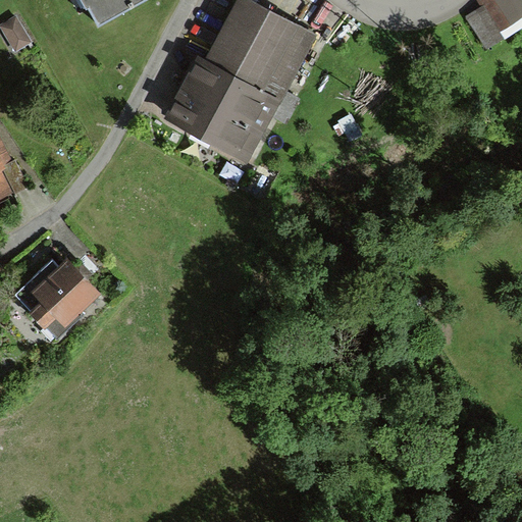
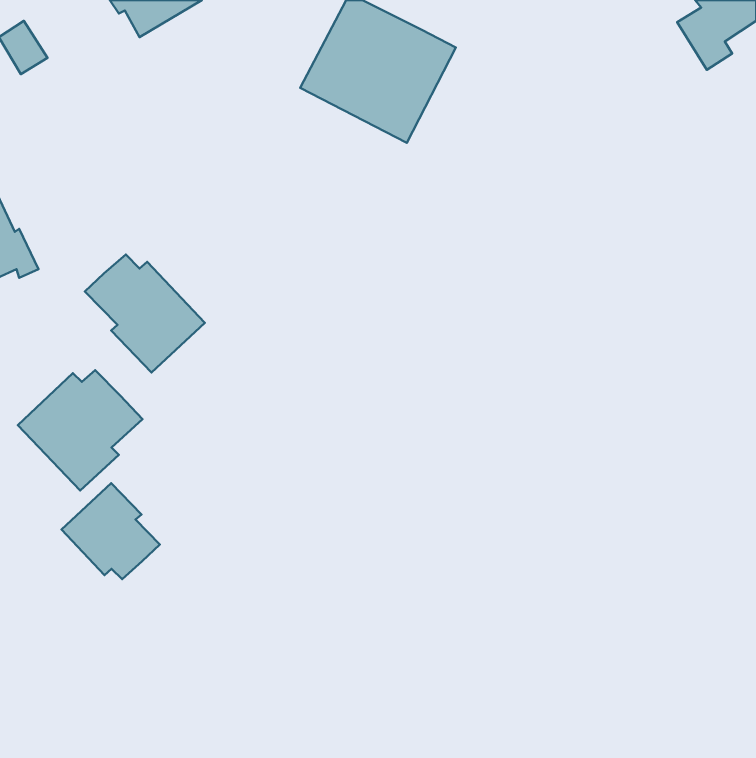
building: [166,57,279,160] -> none
building: none -> [85,254,205,373]
building: none -> [62,483,160,579]

